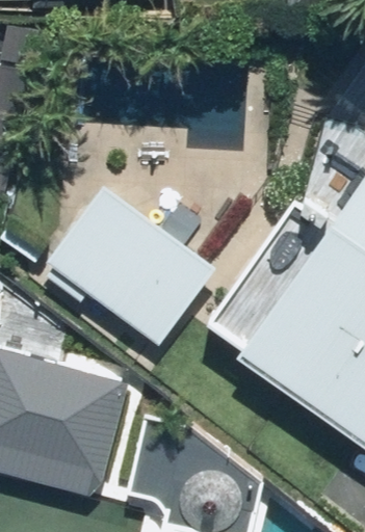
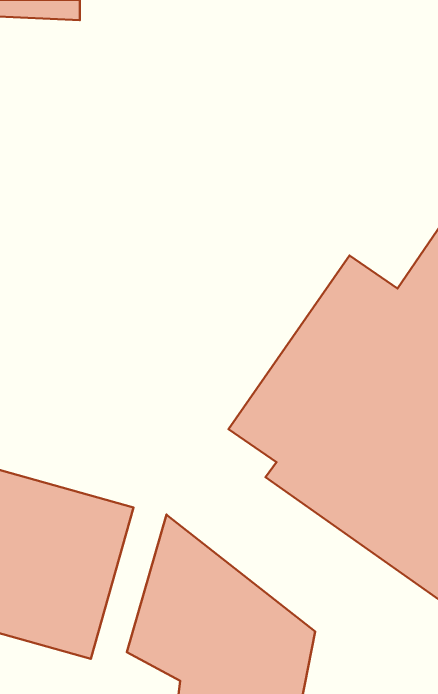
building: [37,184,214,344] -> none

